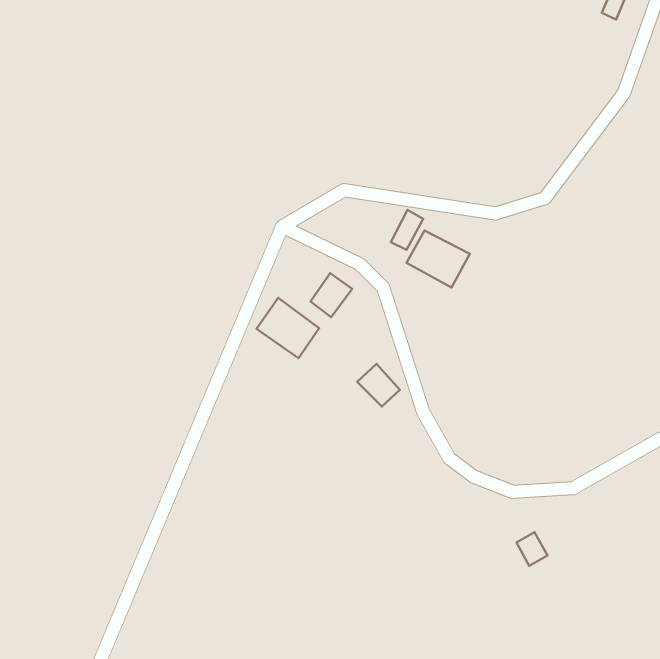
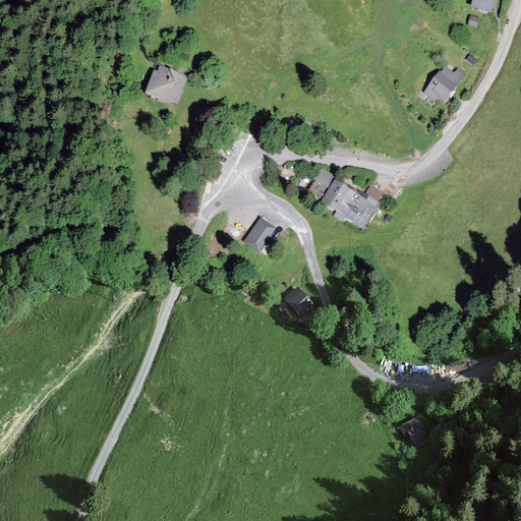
building: none -> [151,64,183,101]
building: none -> [425,65,467,107]
building: [256,298,319,358] -> none

